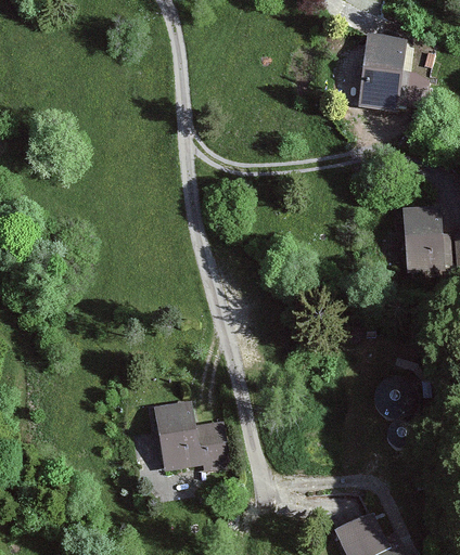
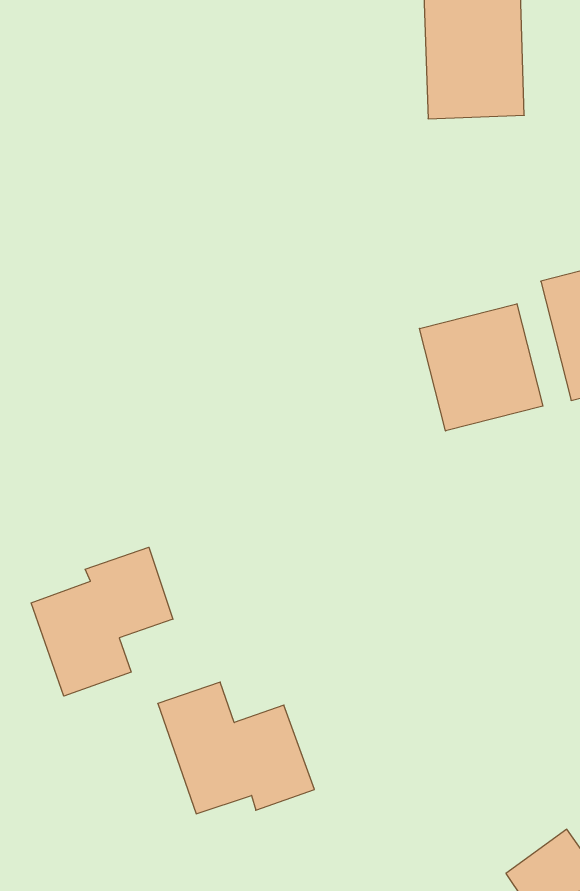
building: none -> [419,304,543,431]
building: none -> [31,547,173,696]

